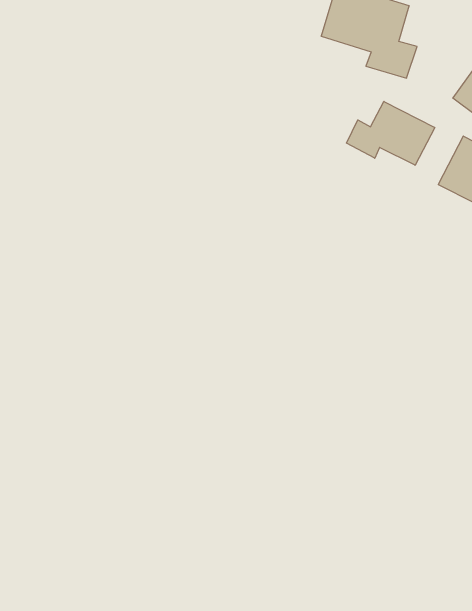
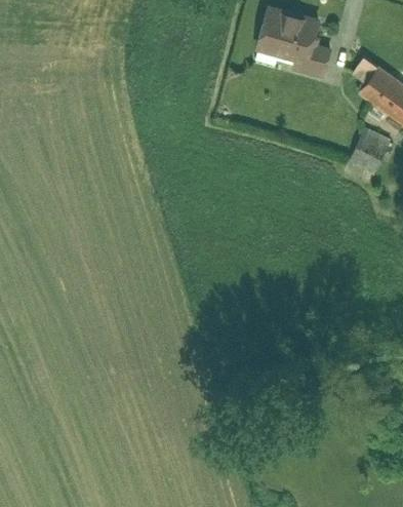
building: [346,101,435,165] -> none

